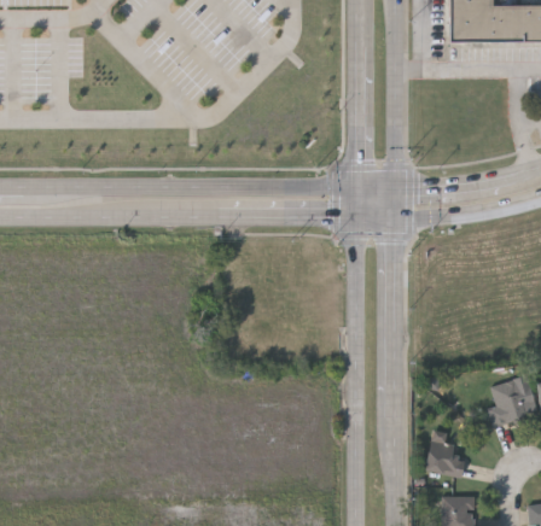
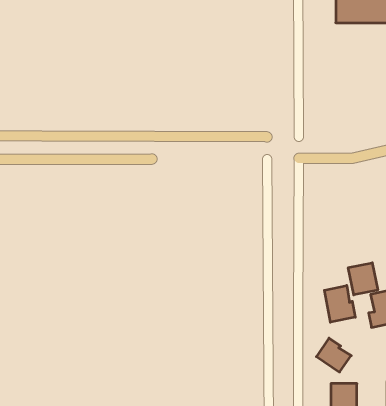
building: none -> [348,263,378,295]
building: none -> [324,285,355,322]

